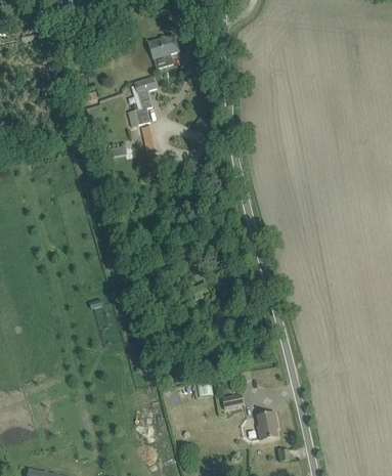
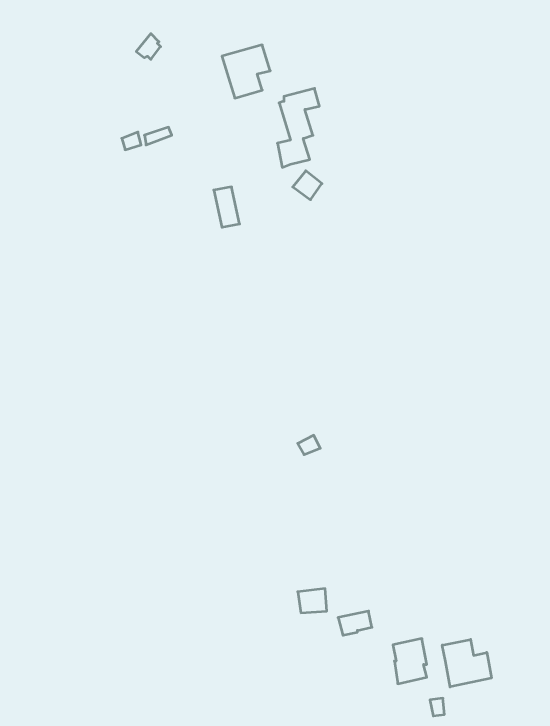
building: [129,77,156,127] -> [277,88,319,167]
building: none -> [442,639,491,687]

